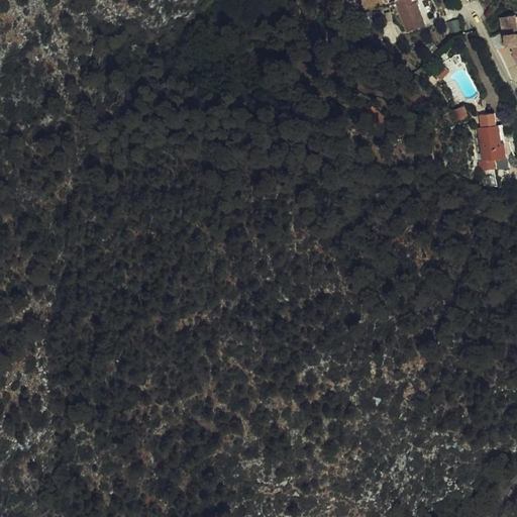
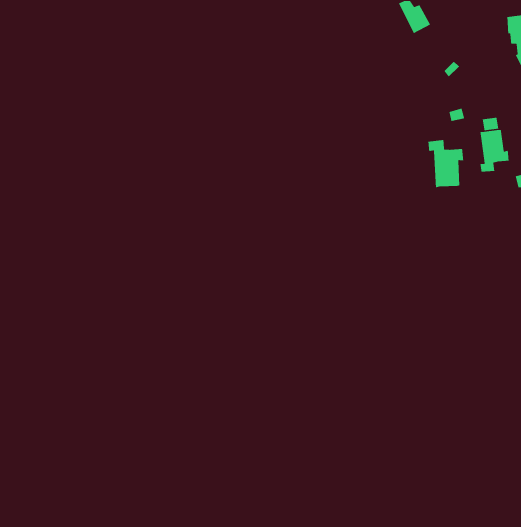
building: none -> [428,139,464,188]

